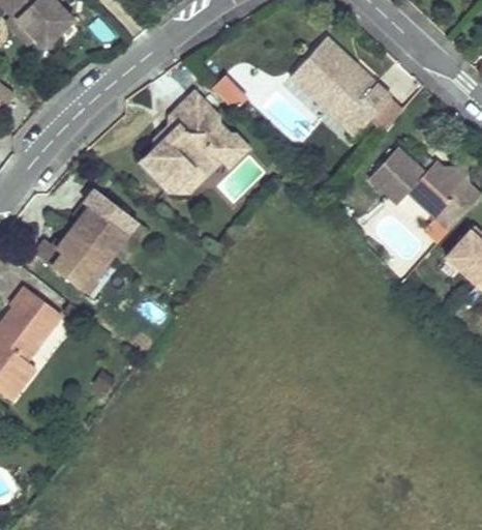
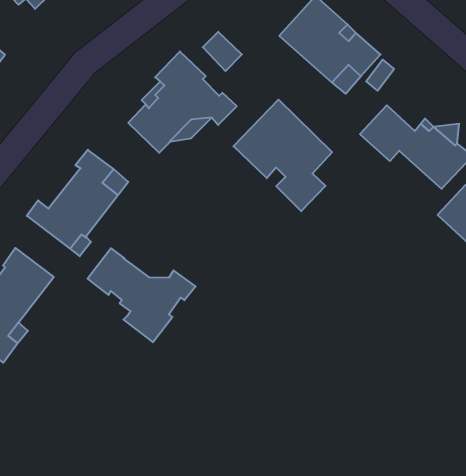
building: none -> [233,100,332,211]
building: none -> [88,248,196,342]

